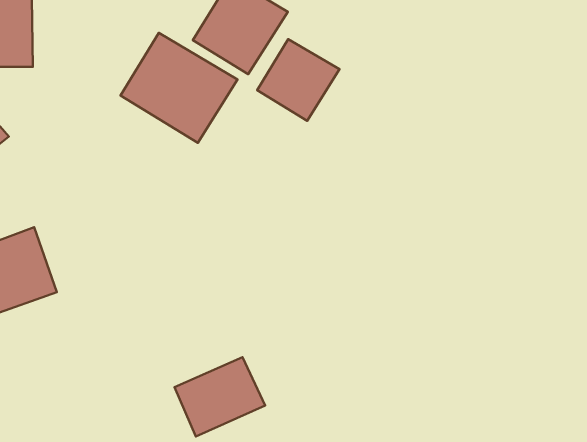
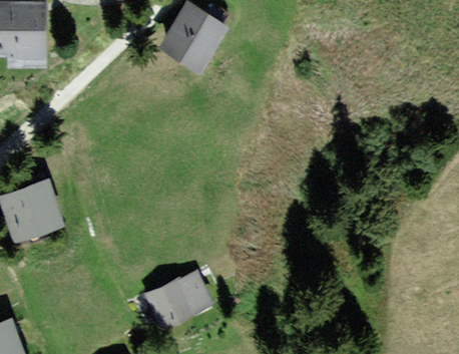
building: [121,33,238,143] -> none
building: [257,39,339,121] -> none

